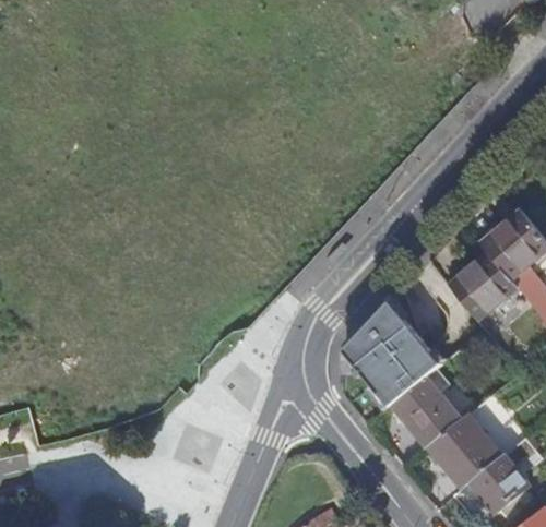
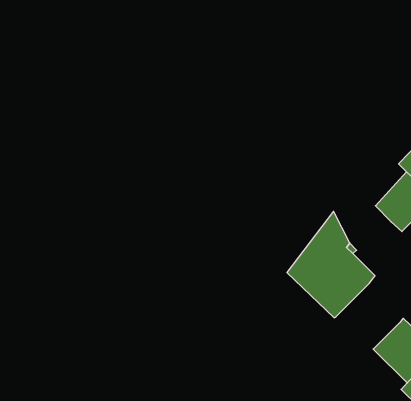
building: [391,366,461,446] -> none

